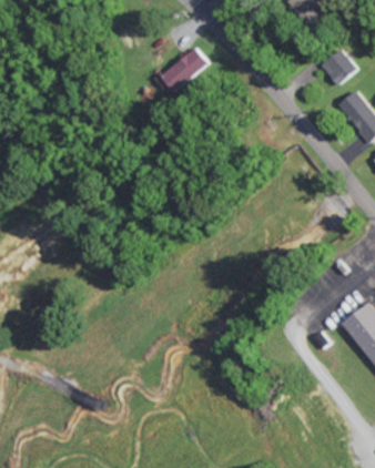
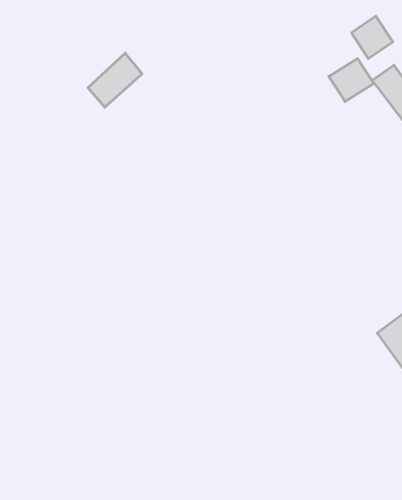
building: [162,45,209,92] -> [88,53,142,107]
building: none -> [329,59,374,102]

